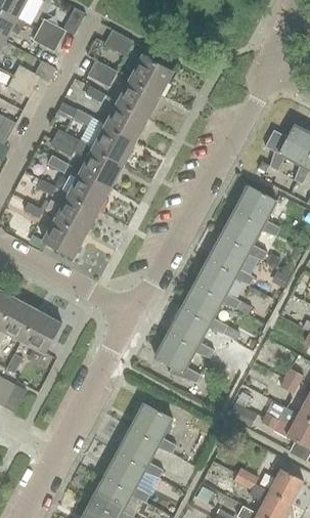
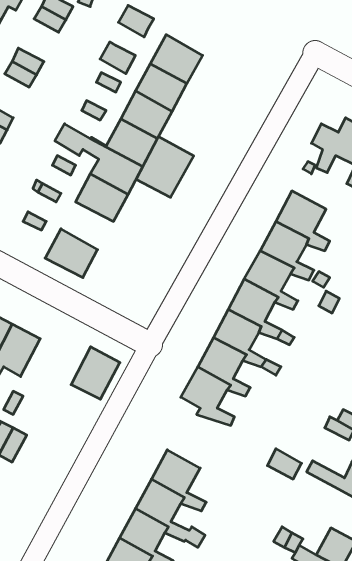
building: none -> [136,137,194,197]
building: [55,195,99,234] -> none
building: [21,309,62,353] -> [71,347,120,399]

